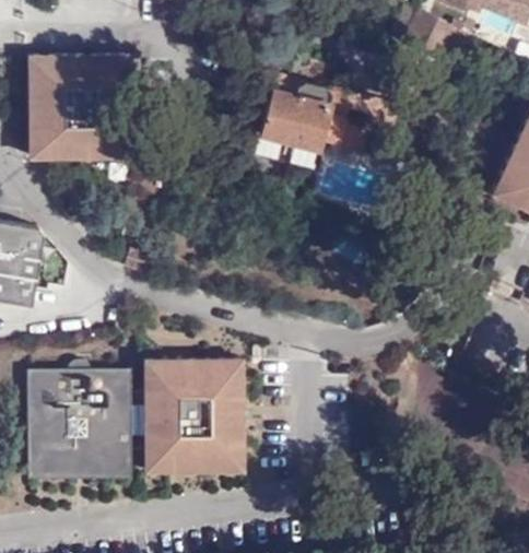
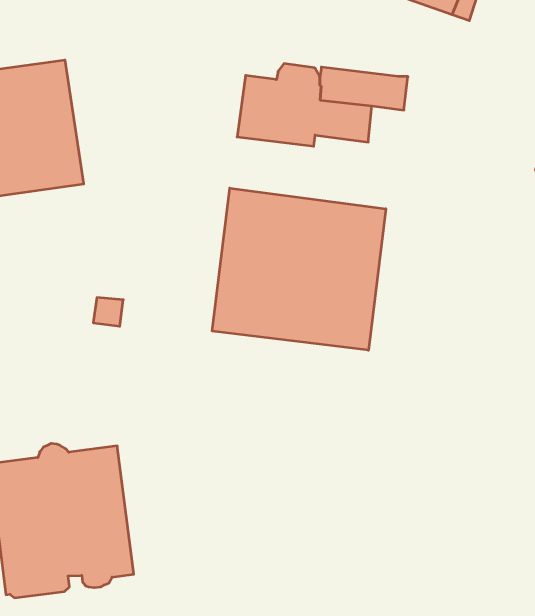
building: none -> [212,188,386,350]
building: [144,361,242,471] -> none

